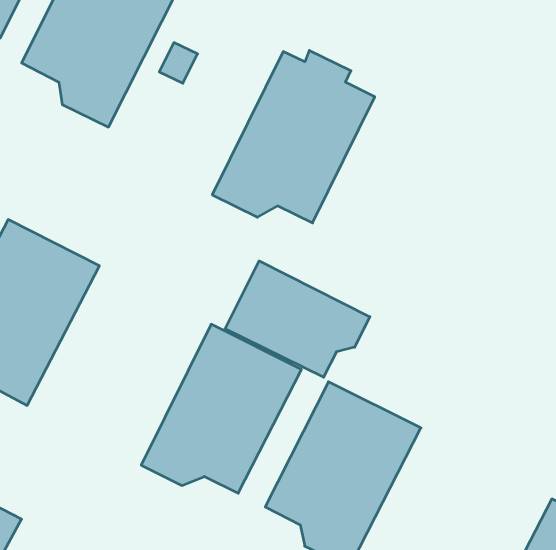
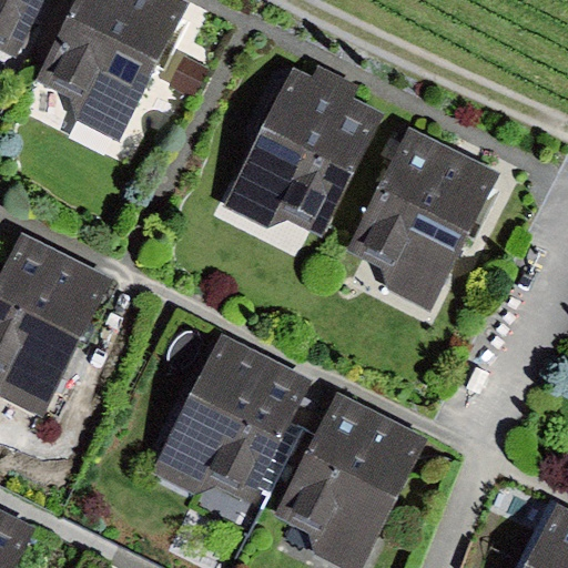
building: none -> [348,128,499,311]
building: [225,261,370,377] -> none

